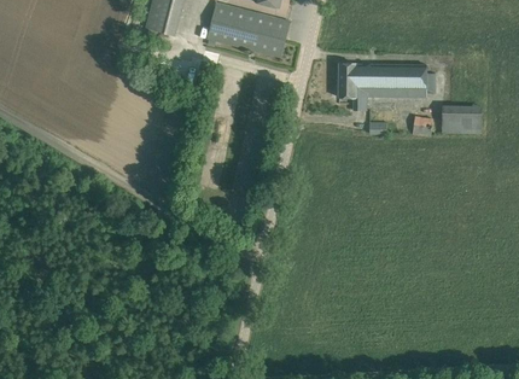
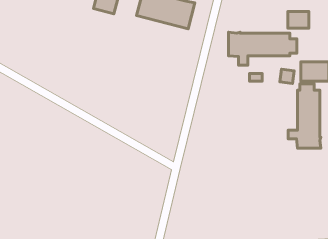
building: none -> [288,12,309,28]
building: none -> [288,84,321,148]

